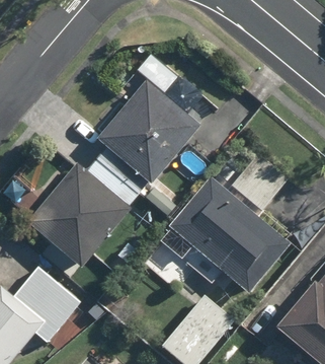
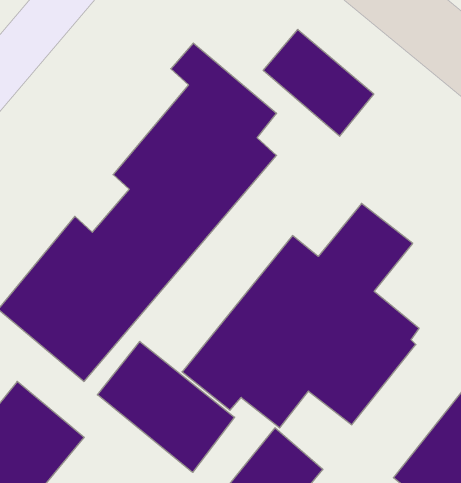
building: none -> [263,29,374,136]
building: none -> [97,341,235,472]

